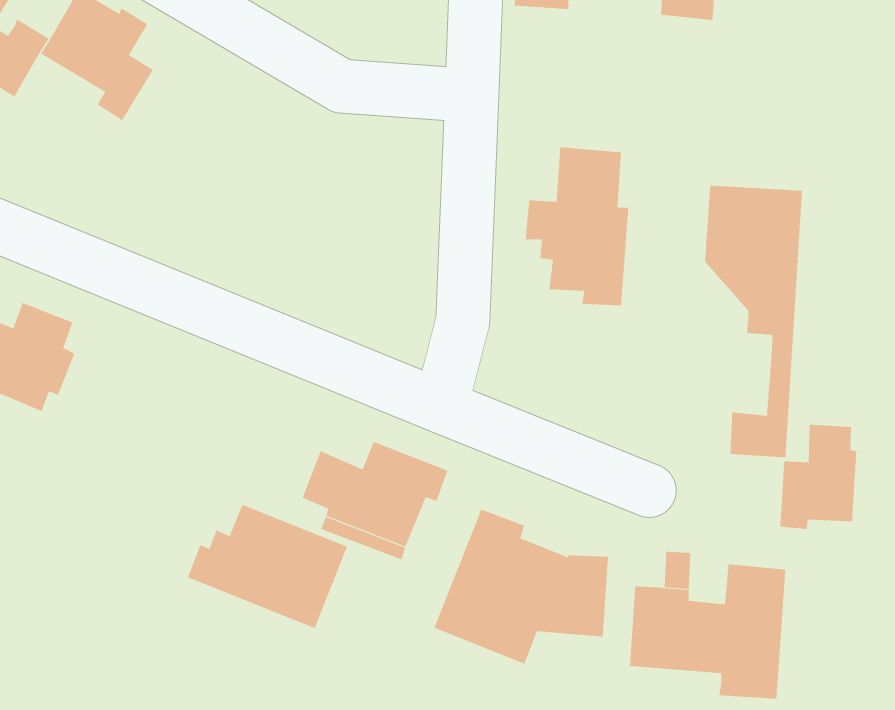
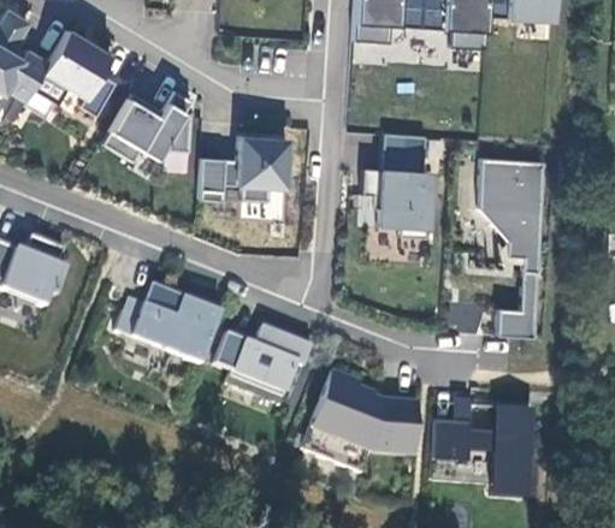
building: none -> [102,89,194,160]
building: none -> [200,135,289,200]
building: [780,424,857,530] -> none
building: [187,504,348,629] -> [117,283,223,364]

